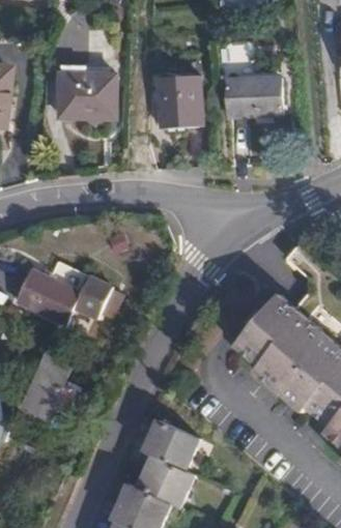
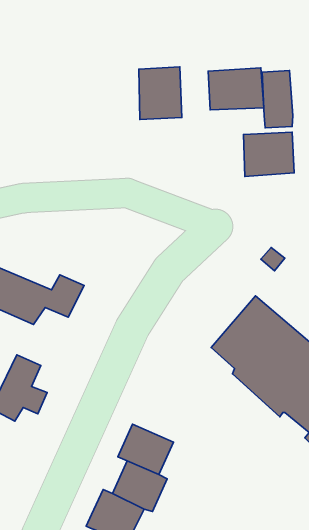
building: [69,64,125,110] -> none
building: none -> [262,71,293,128]
building: none -> [244,132,294,176]

